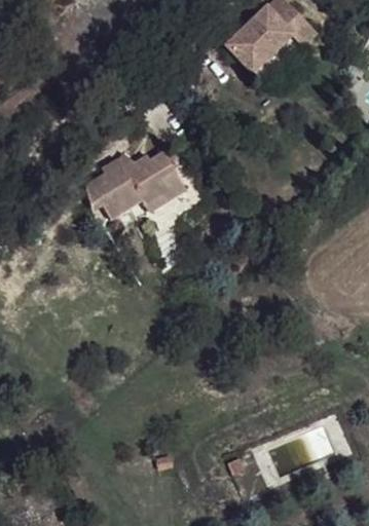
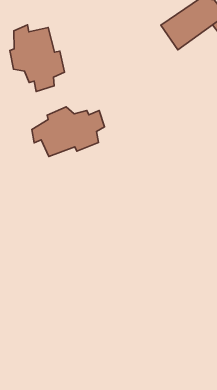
building: none -> [10,25,65,91]

